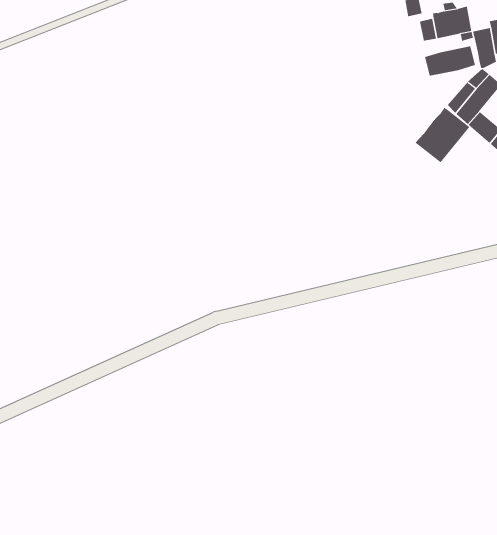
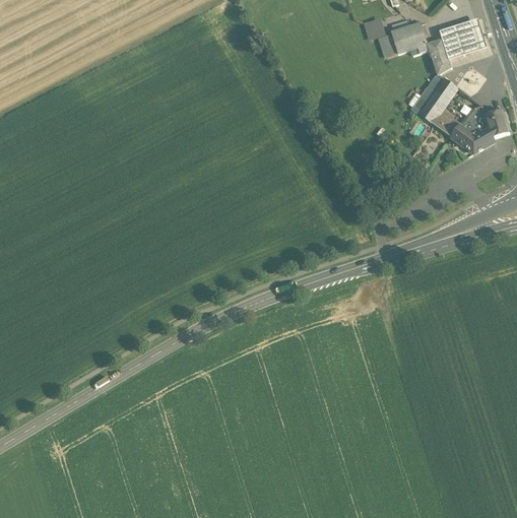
building: [425,45,475,77] -> none
building: [415,107,470,163] -> none

